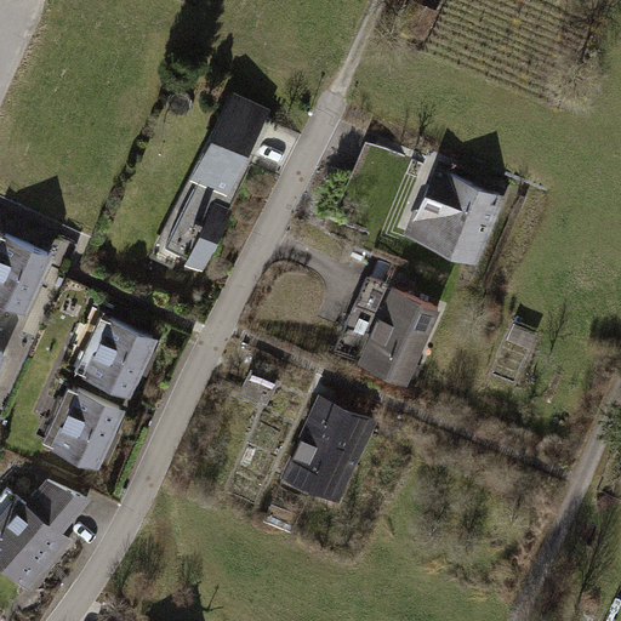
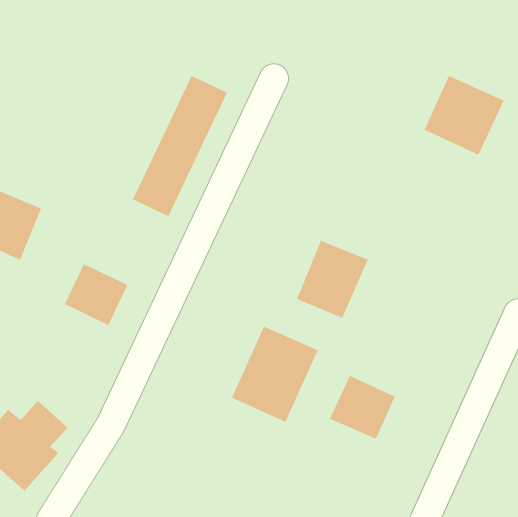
building: [406,171,502,267] -> [424,75,504,155]
building: [44,391,120,463] -> none
building: none -> [329,375,396,439]

